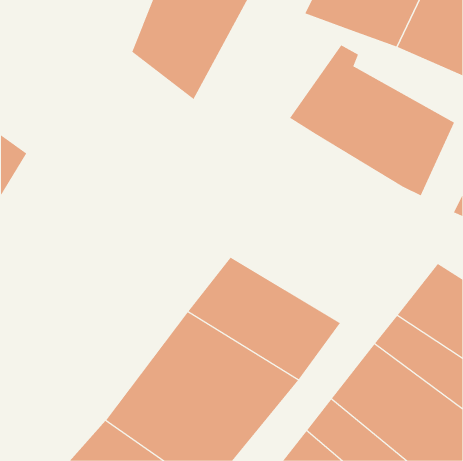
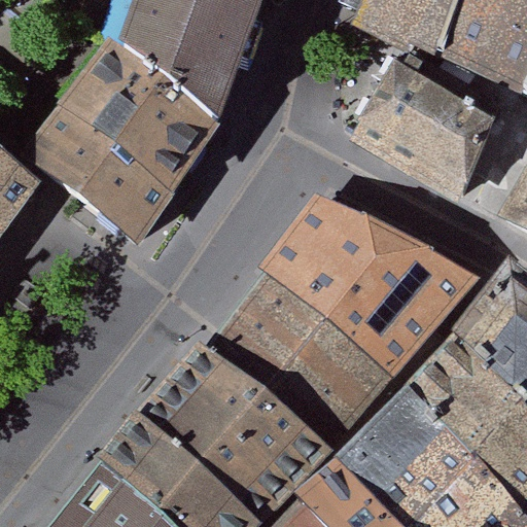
building: none -> [44,42,220,237]
building: none -> [261,222,444,366]

